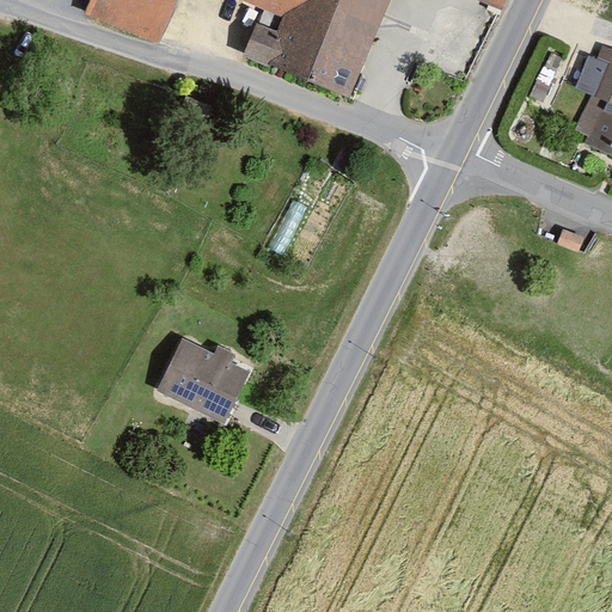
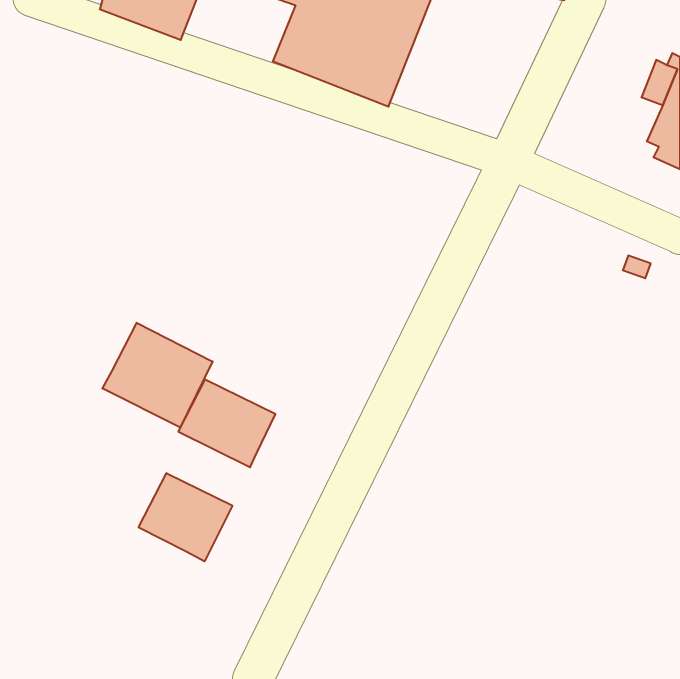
building: none -> [102,323,213,428]
building: none -> [139,473,232,561]

